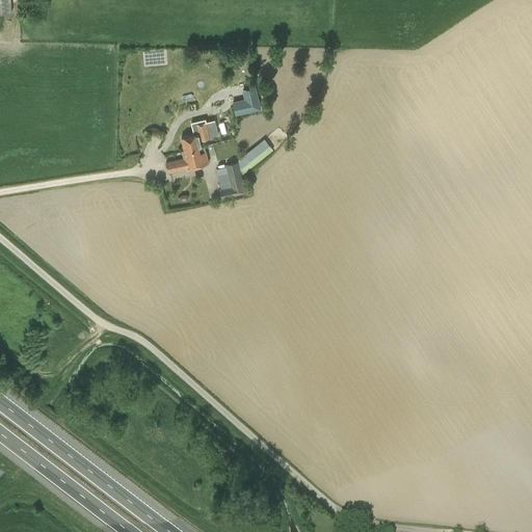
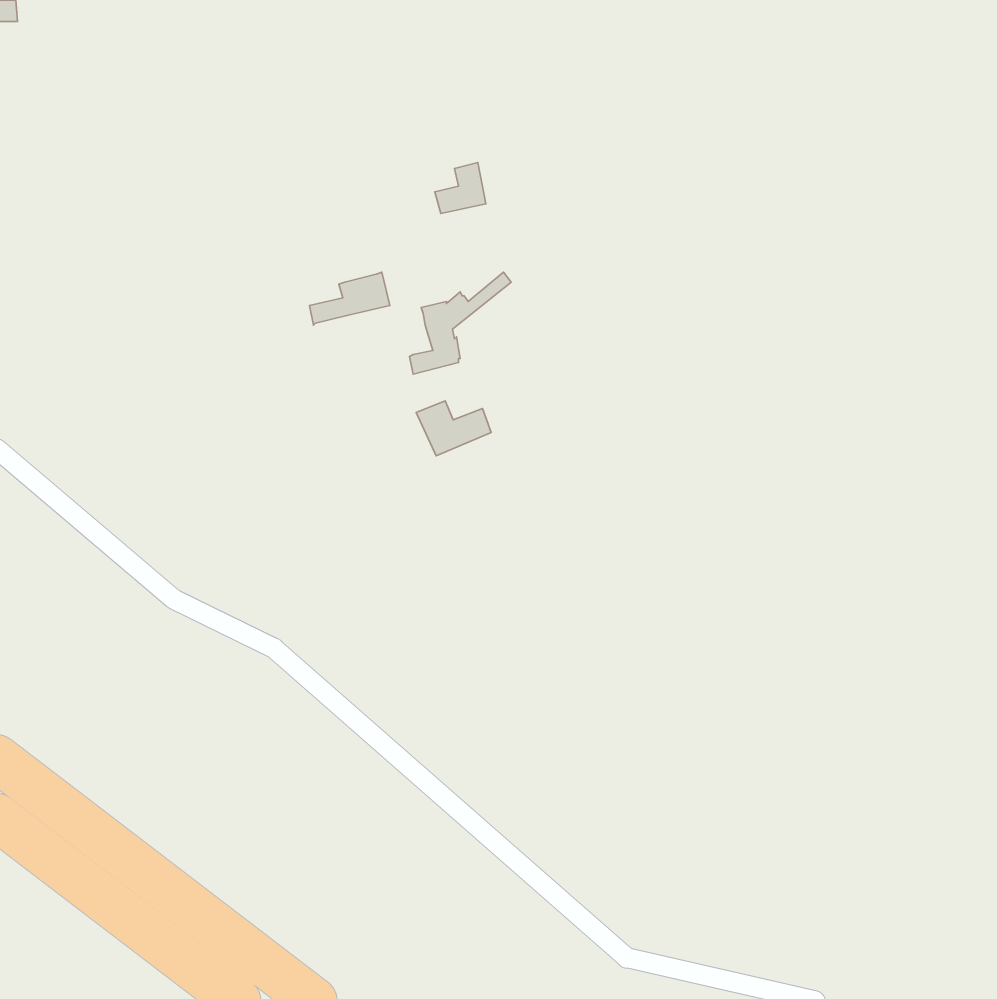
building: [180,121,217,151] -> none
building: none -> [416,401,491,456]

